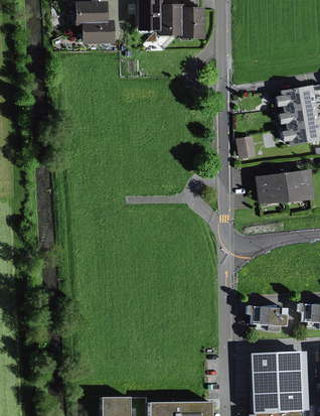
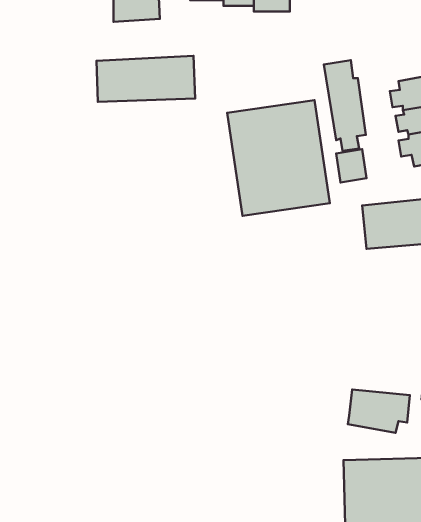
building: none -> [96,56,195,102]
building: none -> [324,60,366,151]
building: none -> [227,100,330,216]

